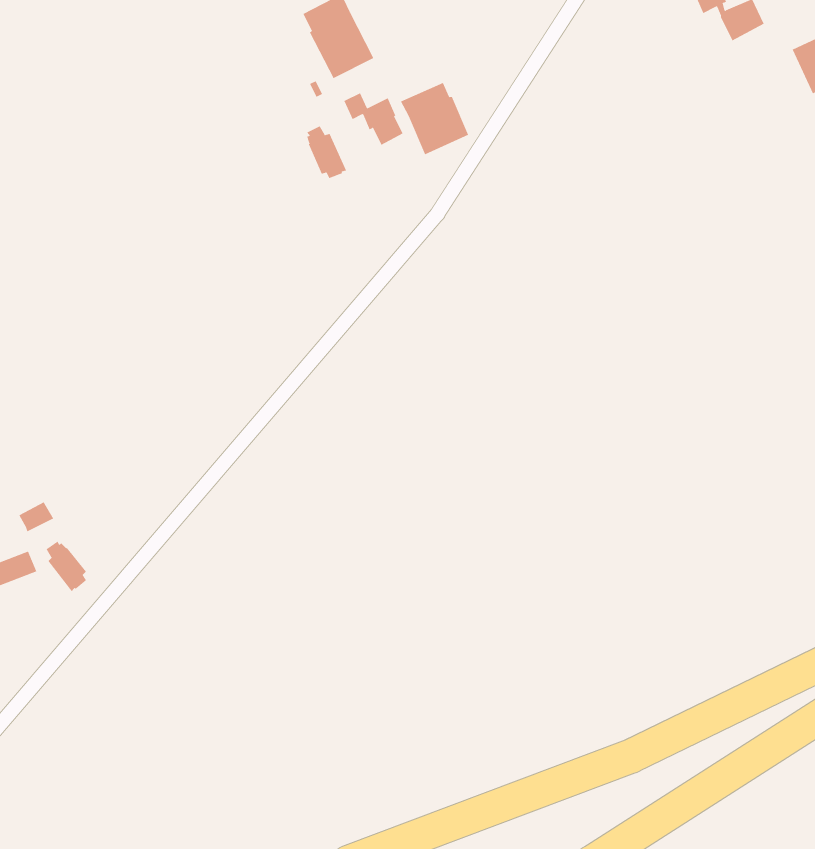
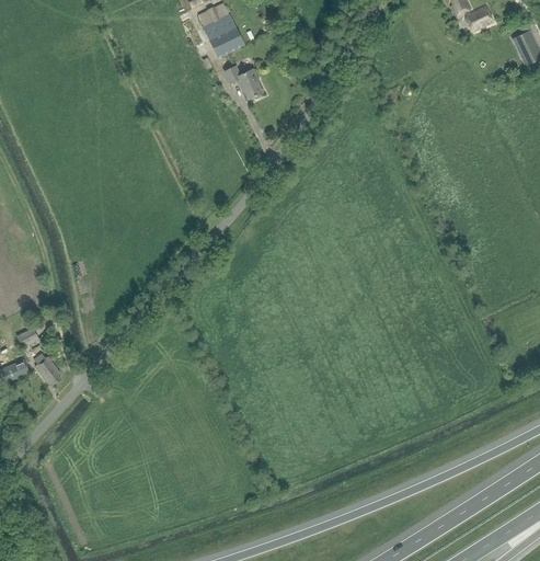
building: [400,82,469,155] -> none
building: [307,125,347,179] -> none

